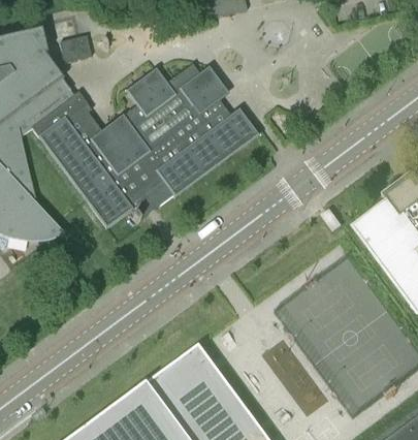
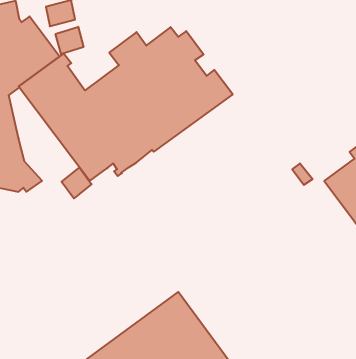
building: none -> [56,27,83,54]
building: none -> [62,167,92,198]

